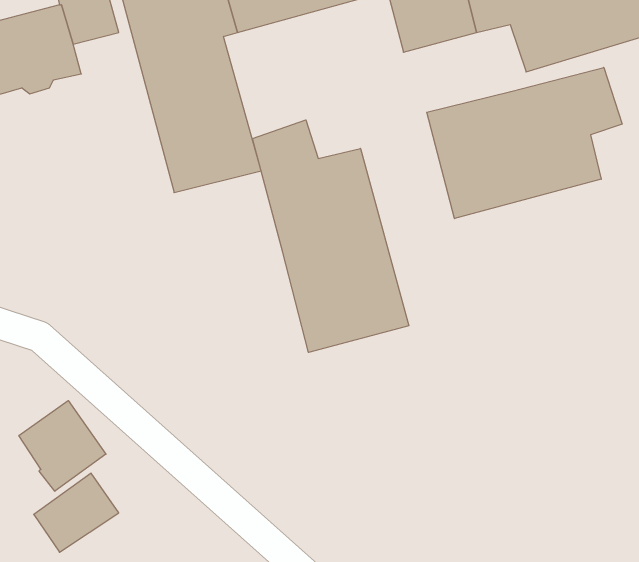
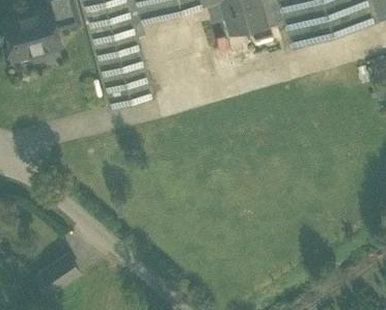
building: [427,67,622,219] -> none
building: [253,120,409,352] -> none
building: [19,401,106,491] -> none

